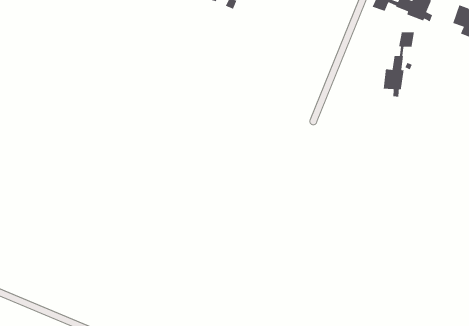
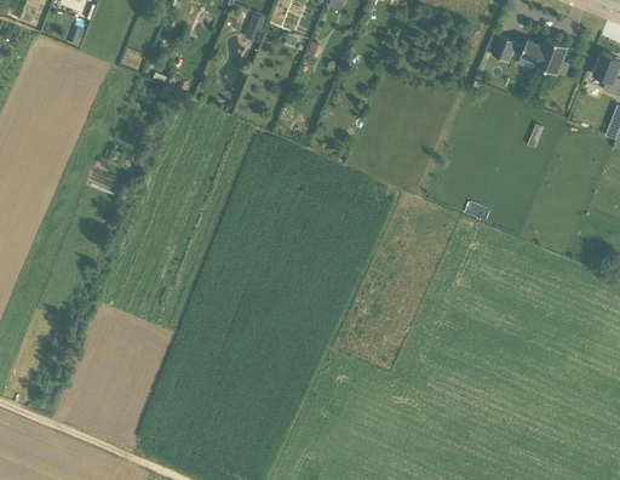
building: [383,32,415,97] -> none

